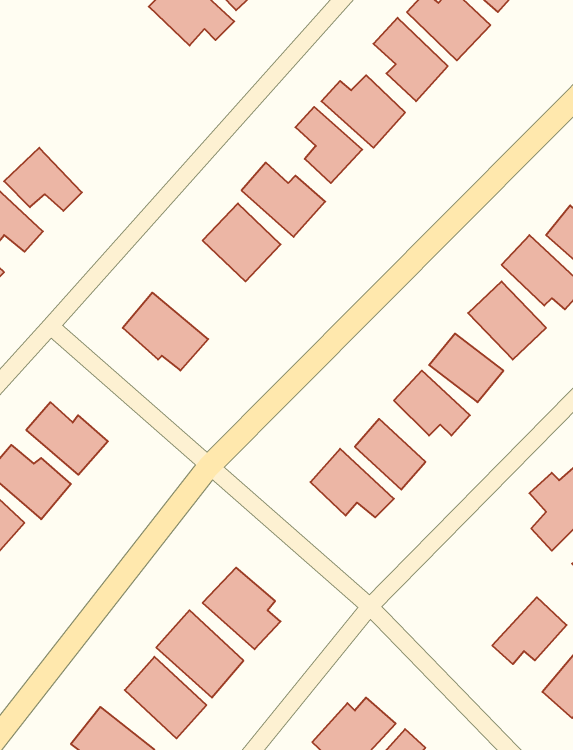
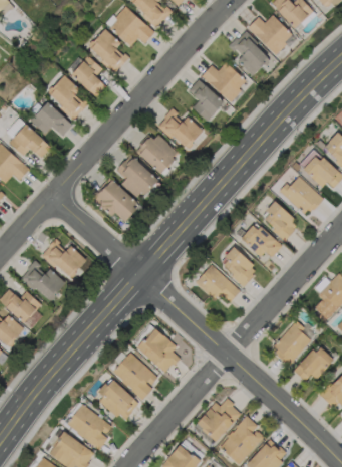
building: none -> [88,29,128,72]
building: none -> [71,56,106,97]
building: none -> [48,76,87,120]
building: none -> [116,156,158,201]
building: none -> [271,323,313,366]

